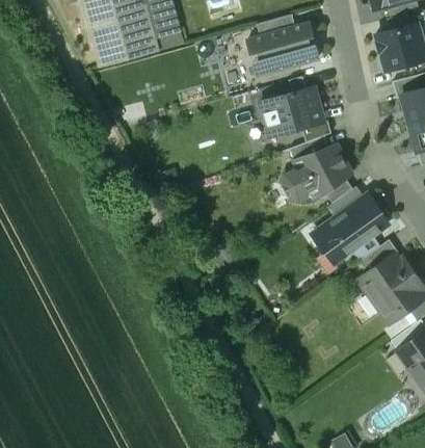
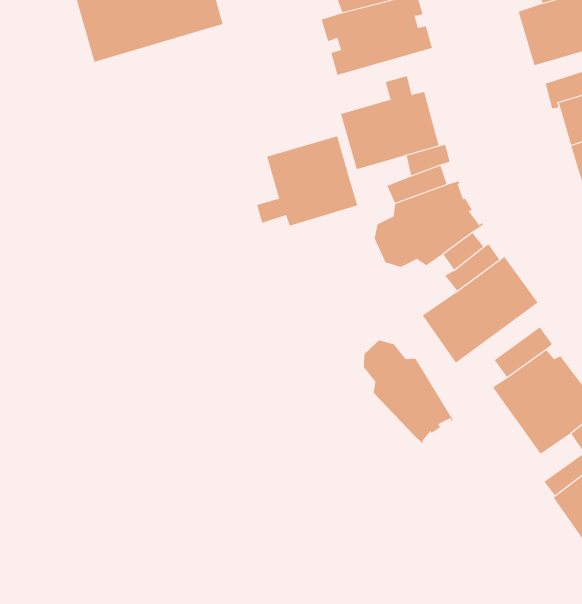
building: none -> [256,136,358,226]
building: none -> [363,340,454,444]

